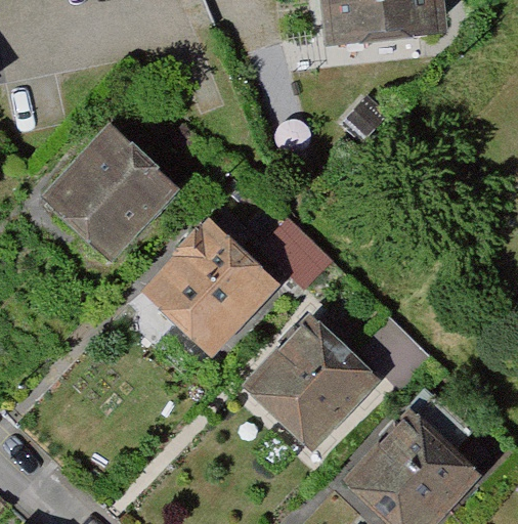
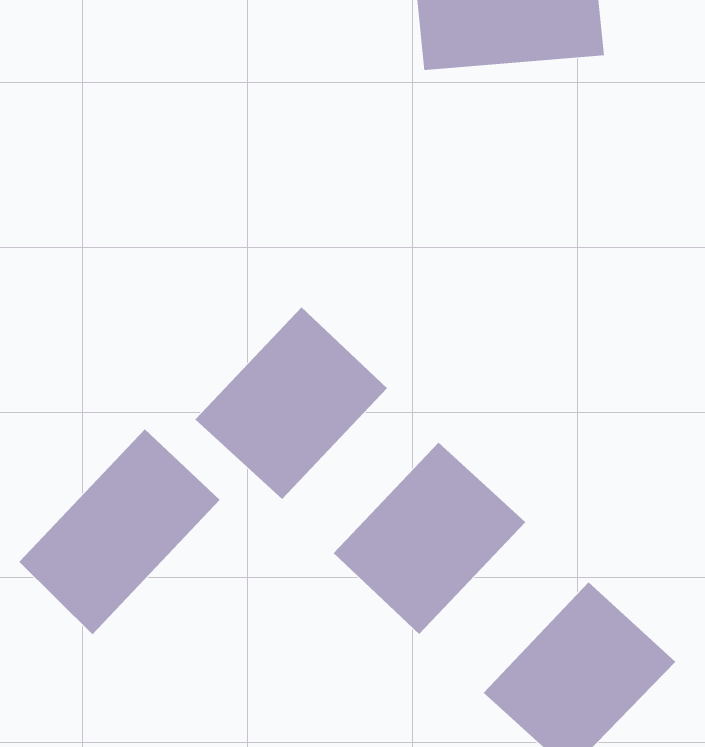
building: [45,126,178,259] -> none
building: none -> [19,429,220,635]

